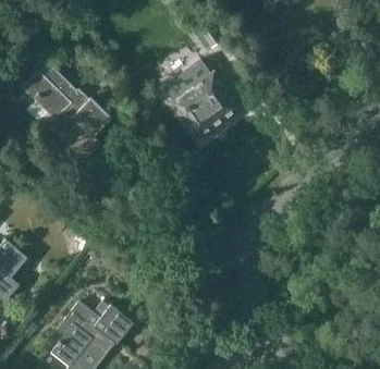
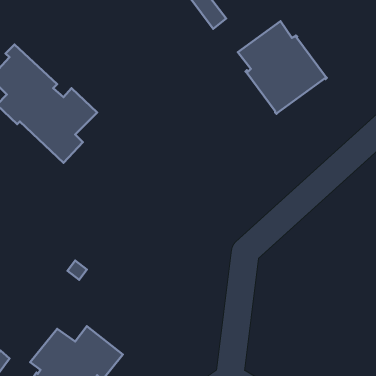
building: [164,61,240,139] -> [238,21,327,114]

